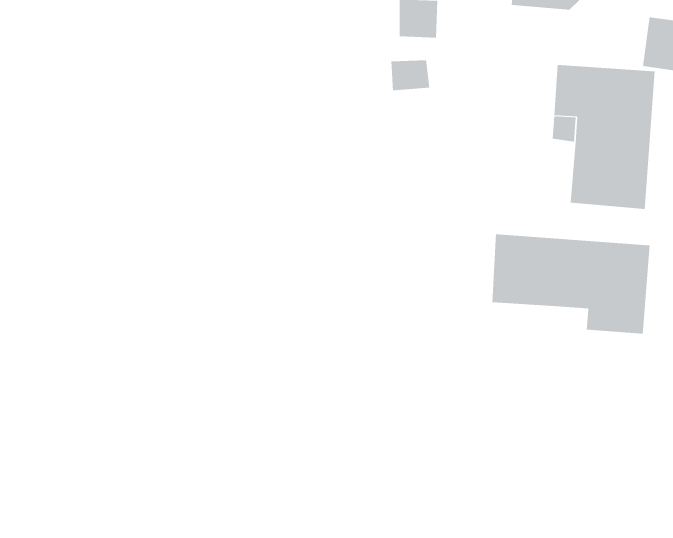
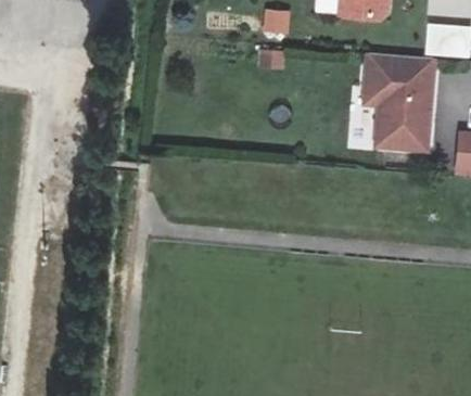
building: [492,234,650,335] -> none

